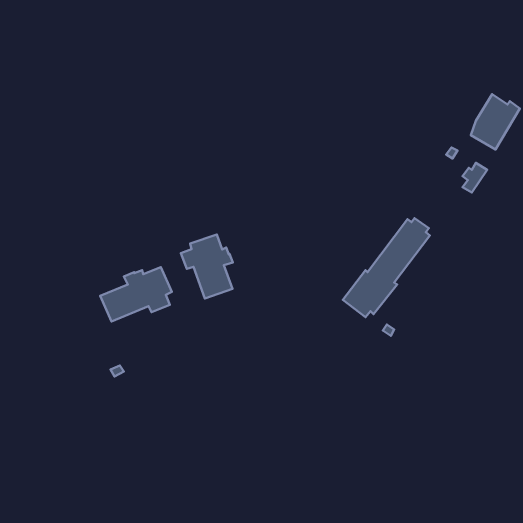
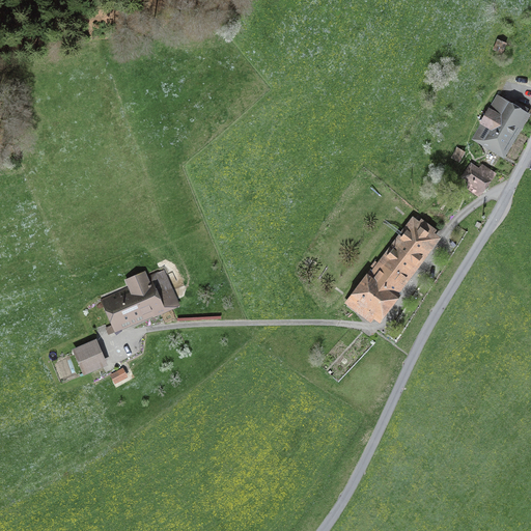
building: [181,235,233,298] -> none
building: none -> [75,342,104,372]

